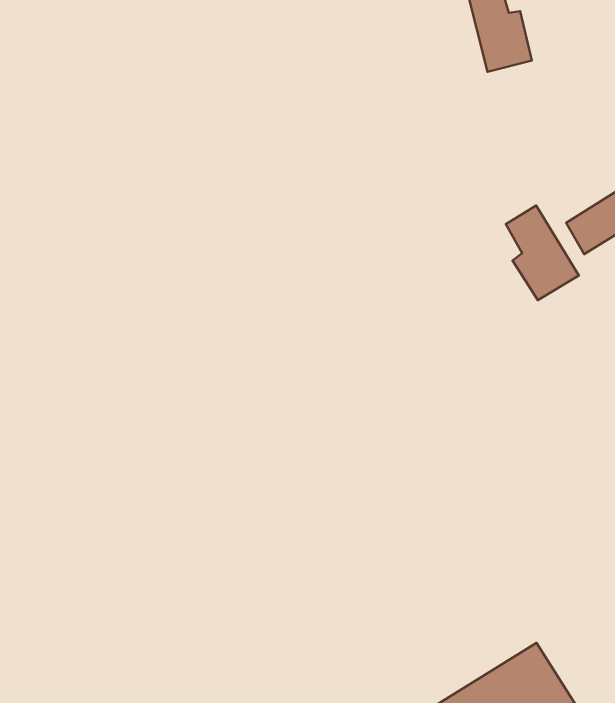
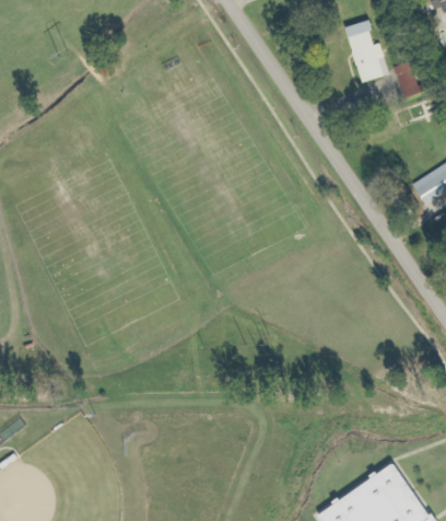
building: none -> [394,61,421,97]
building: [506,206,579,300] -> none

